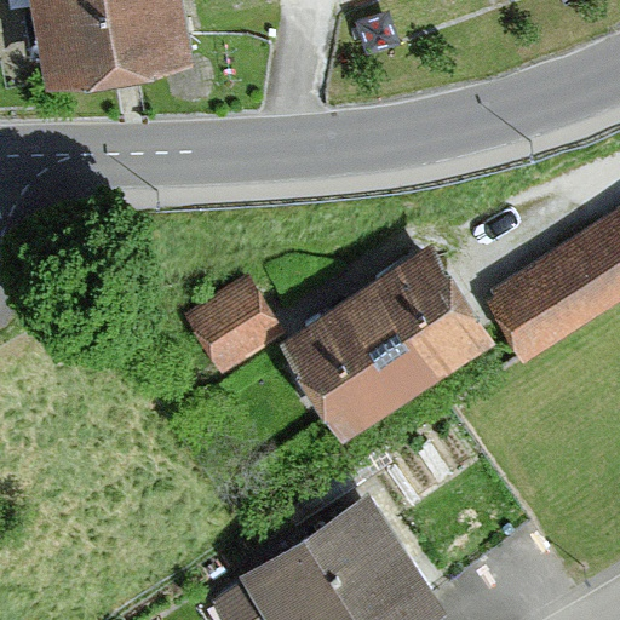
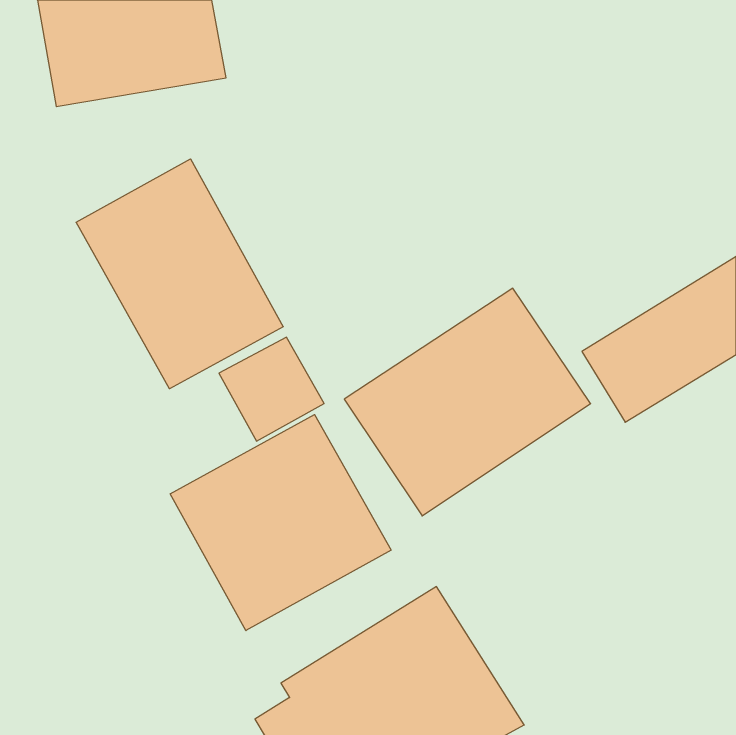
building: none -> [76,159,283,389]
building: none -> [170,415,391,631]

